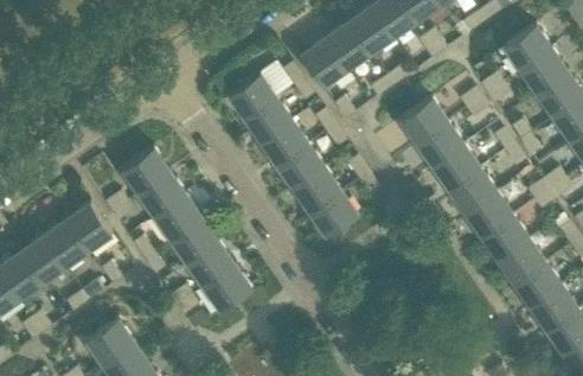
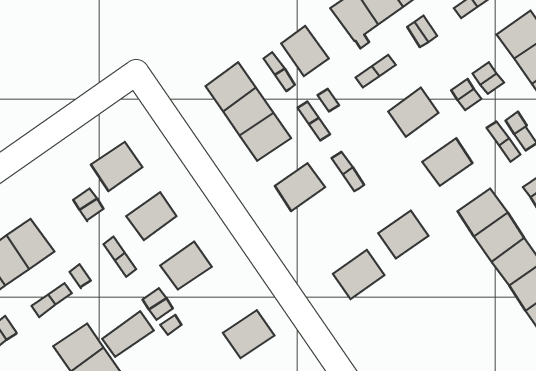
building: [323,24,370,71] -> none
building: [418,122,466,168] -> none
building: [278,146,326,191] -> none
building: [450,170,498,215] -> [378,210,429,258]
building: [139,173,187,219] -> none
building: [310,192,359,238] -> [333,250,384,299]
building: [65,204,113,253] -> none
building: [172,219,219,266] -> none
building: [204,267,252,312] -> [223,310,275,358]
building: none -> [102,311,154,357]

